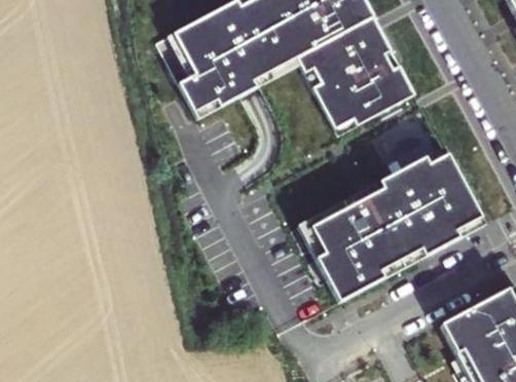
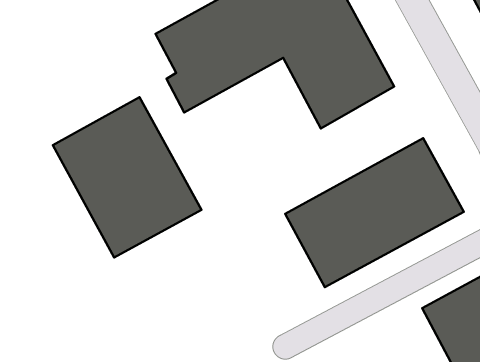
building: none -> [53,97,202,258]

